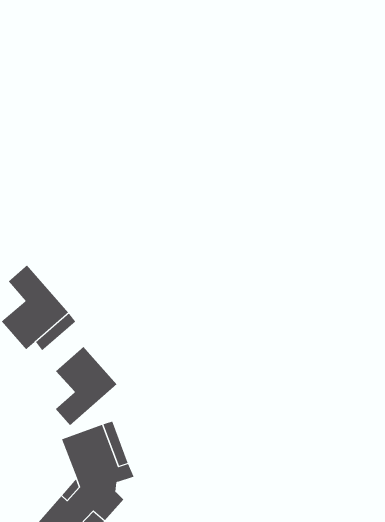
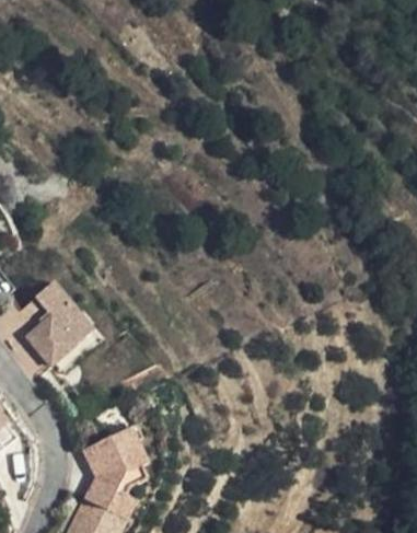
building: [55,346,118,426] -> none

